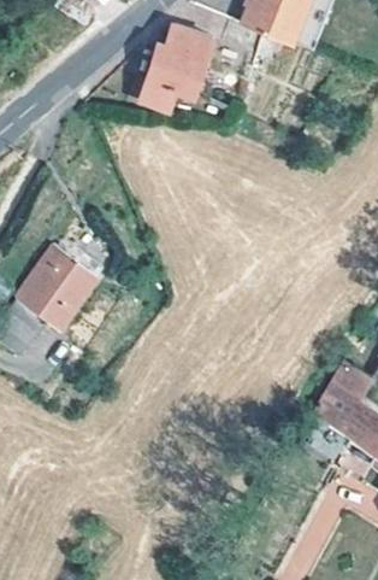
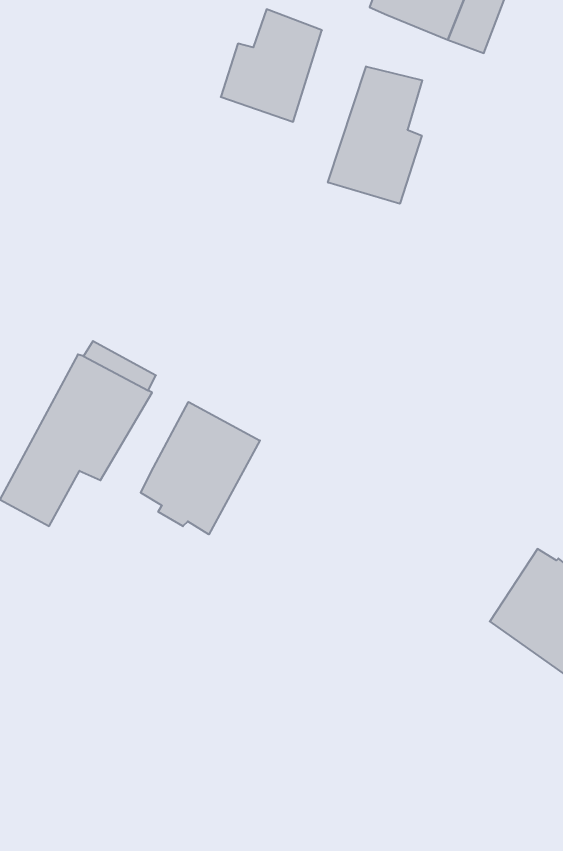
building: none -> [328,66,422,204]
building: none -> [141,402,260,534]

